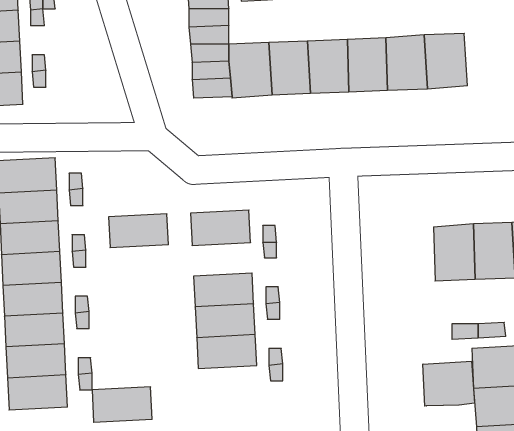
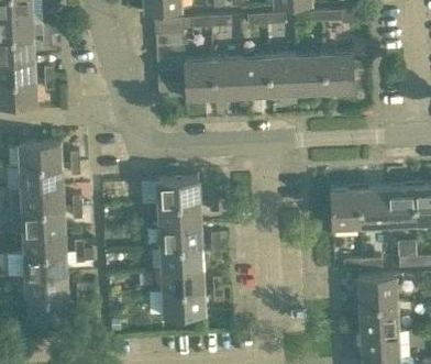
building: [109,214,168,248] -> [157,202,200,227]
building: [423,361,475,406] -> none
building: [92,387,152,422] -> [162,290,205,316]

